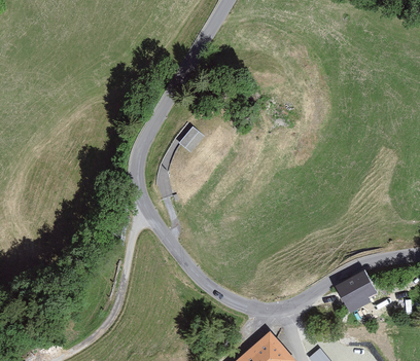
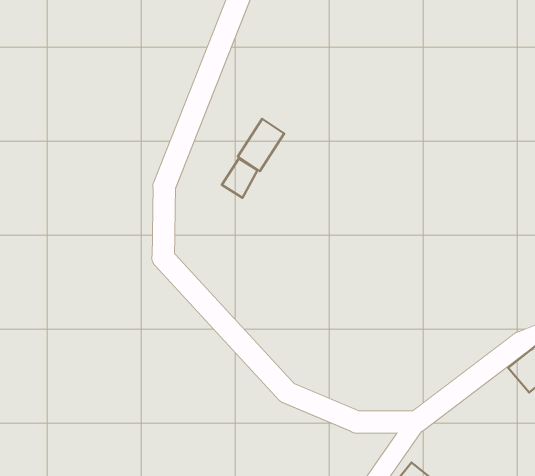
building: none -> [238,119,284,171]

